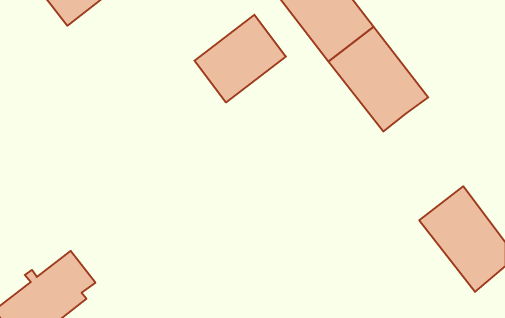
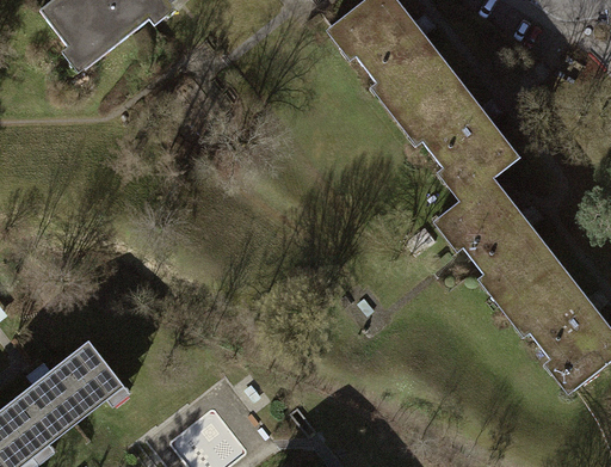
building: [194,15,286,102] -> none
building: none -> [439,176,558,303]

